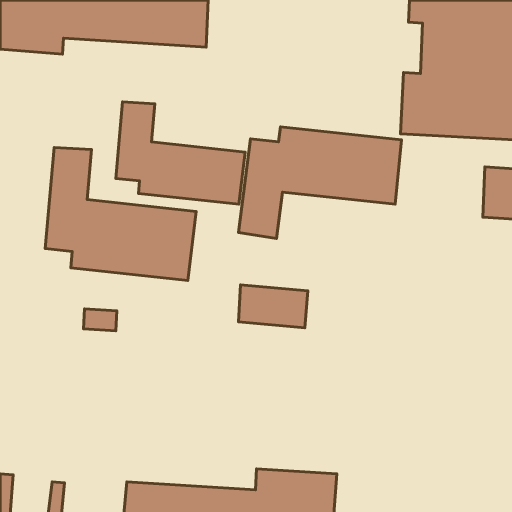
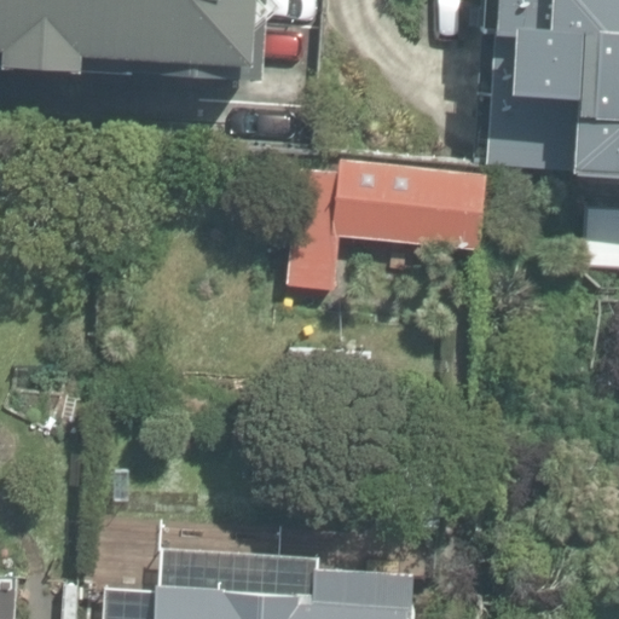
building: [116,102,245,204] -> none
building: [45,147,196,281] -> none

